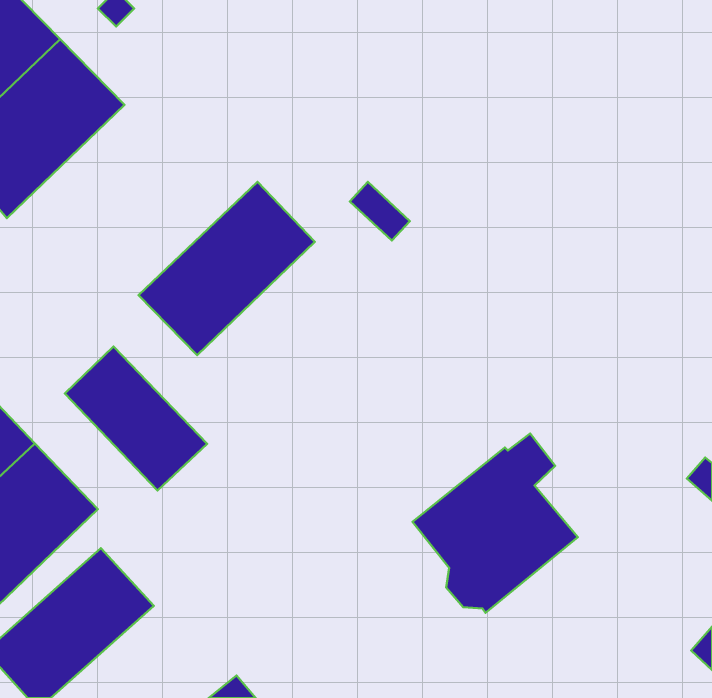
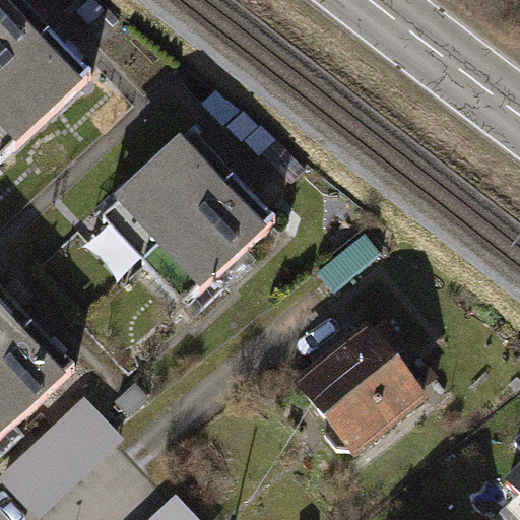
building: none -> [143,176,275,306]
building: [65,347,207,491] -> none

